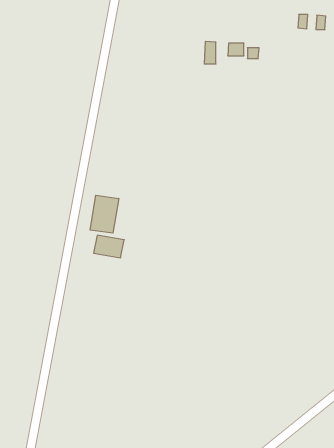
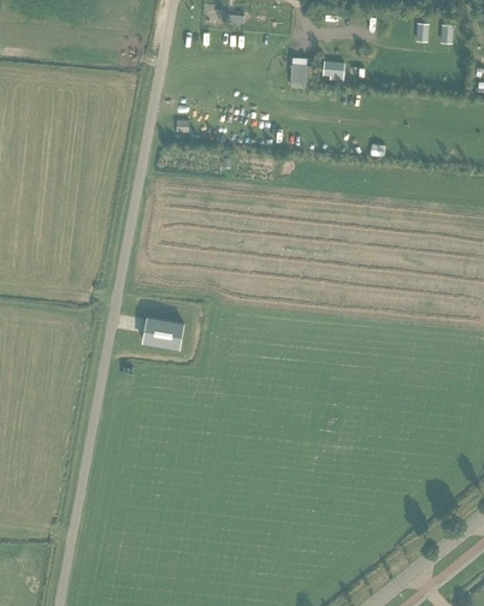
building: [90,195,119,233] -> none

